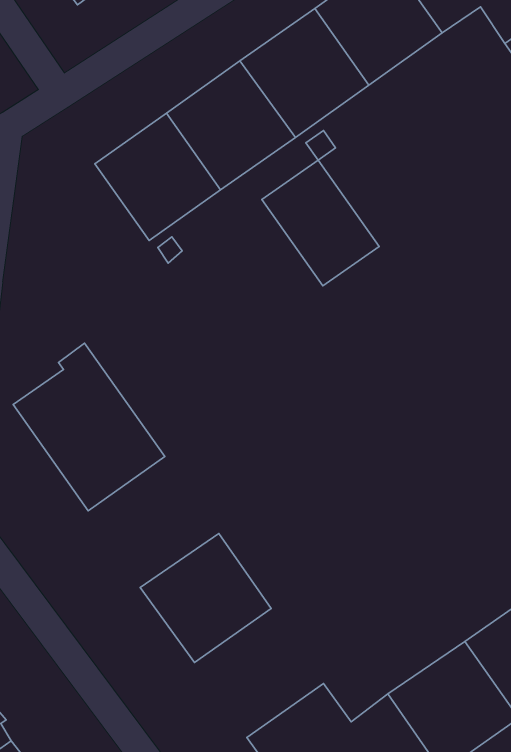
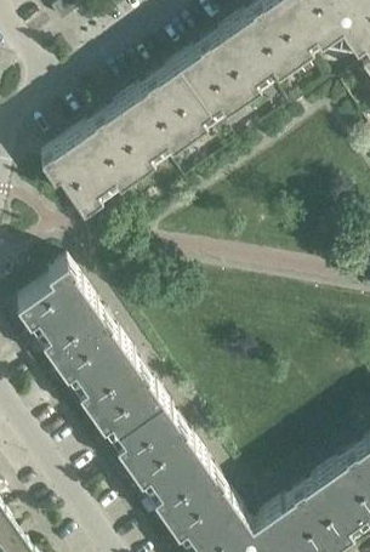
building: [262,160,379,286] -> none
building: none -> [38,133,108,206]
building: none -> [66,337,156,428]
building: none -> [140,443,229,533]

